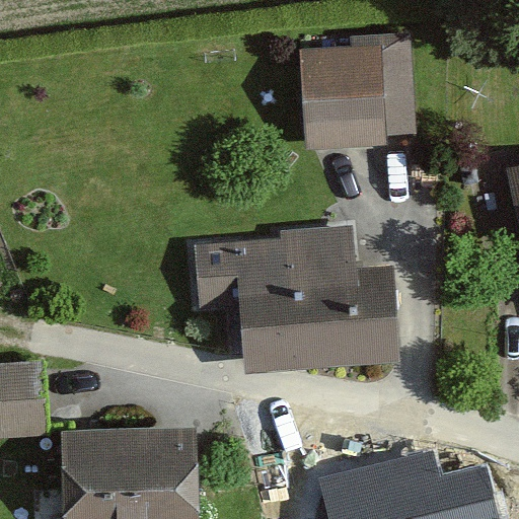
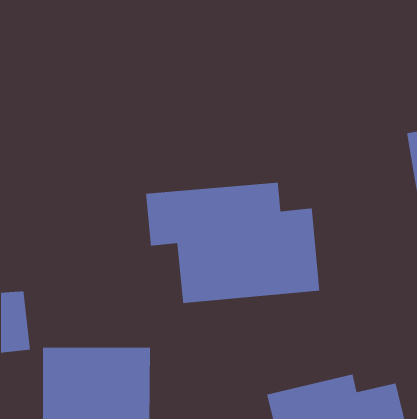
building: [300,34,419,142] -> none

